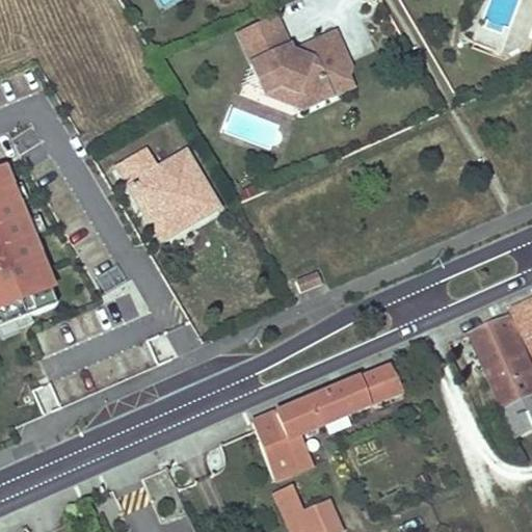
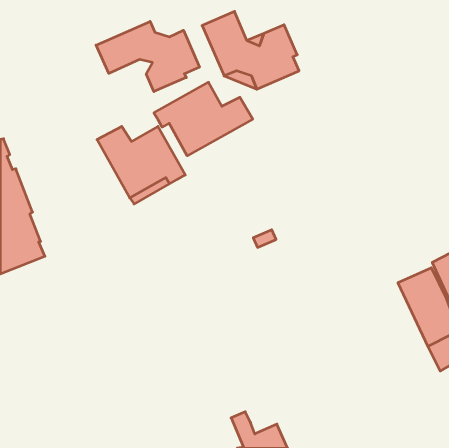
building: none -> [96,21,199,92]
building: none -> [154,82,253,156]
building: [251,364,402,477] -> none

